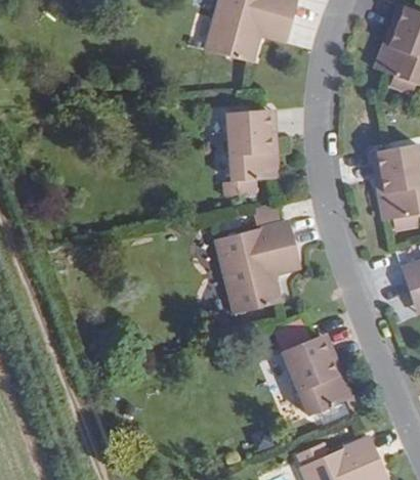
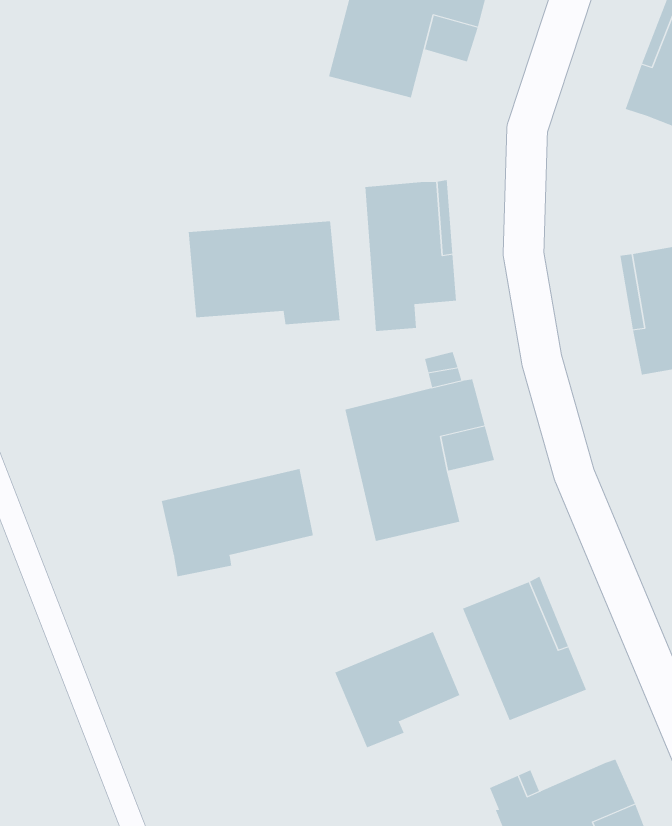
building: none -> [188,220,340,325]
building: none -> [161,468,314,577]
building: none -> [335,631,460,748]

